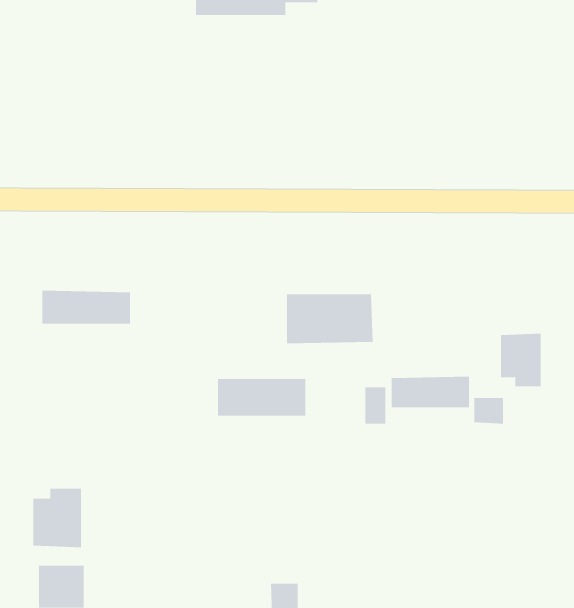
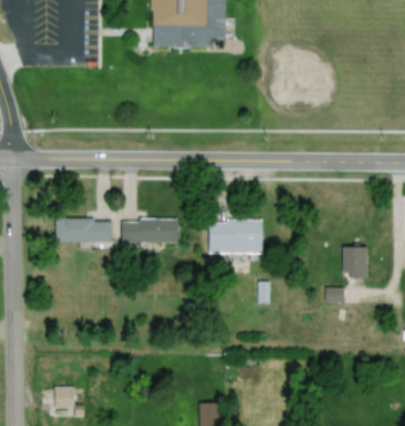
building: [391,376,470,408] -> none
building: [217,379,306,416] -> [121,220,176,243]
building: [33,488,82,548] -> none

